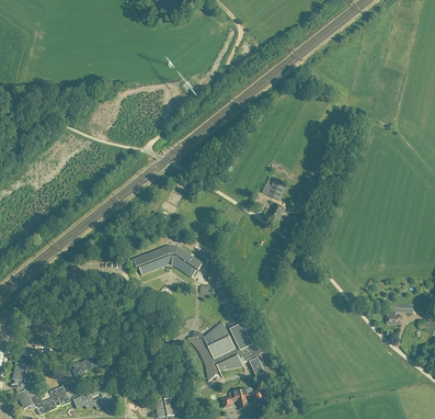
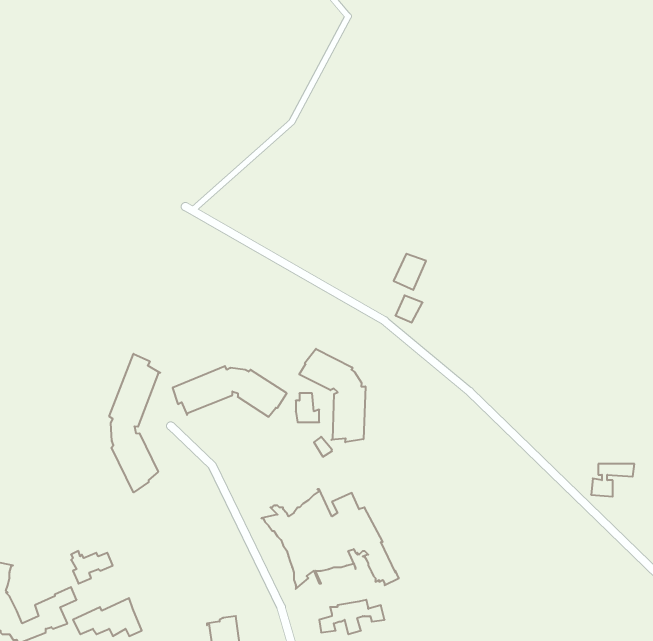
building: none -> [299,349,365,442]
building: none -> [109,354,160,492]

